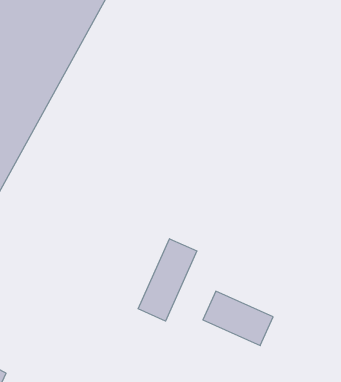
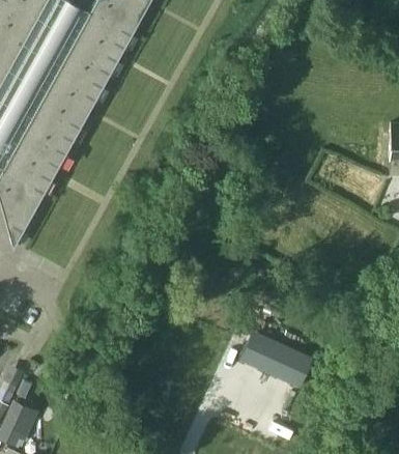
building: [138,239,197,321] -> none

